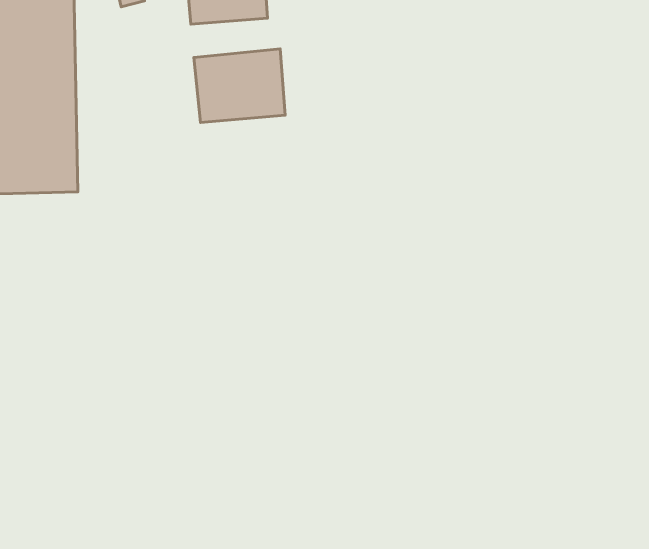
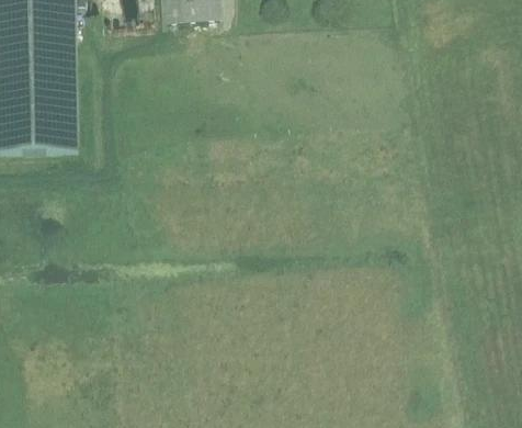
building: [194,49,285,123] -> none

